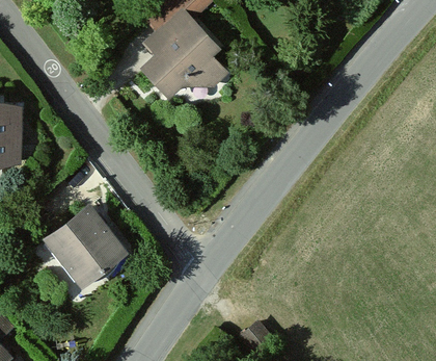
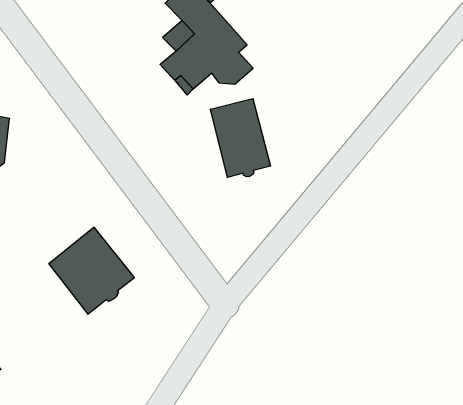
building: none -> [210,99,271,178]

